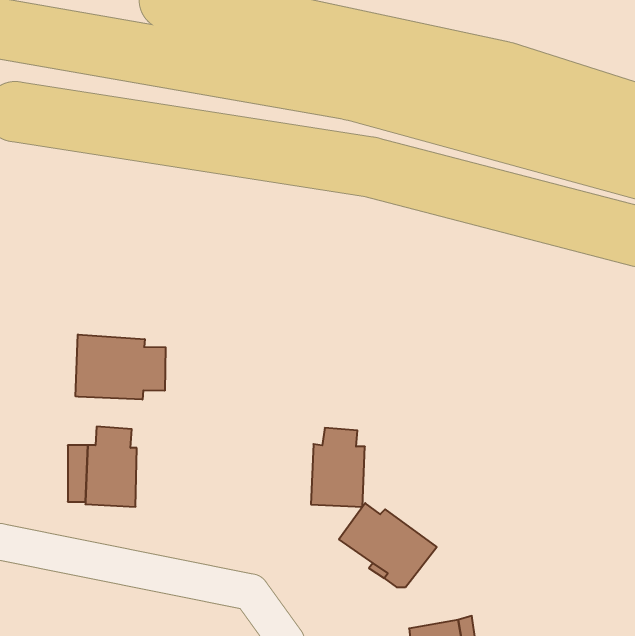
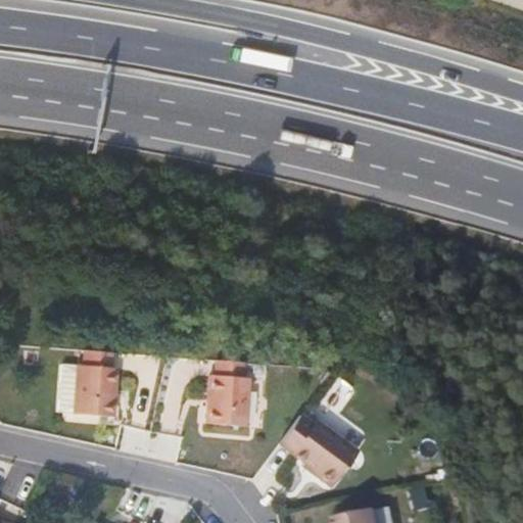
building: [76,334,166,400] -> none
building: [311,428,365,507] -> [207,360,251,424]

